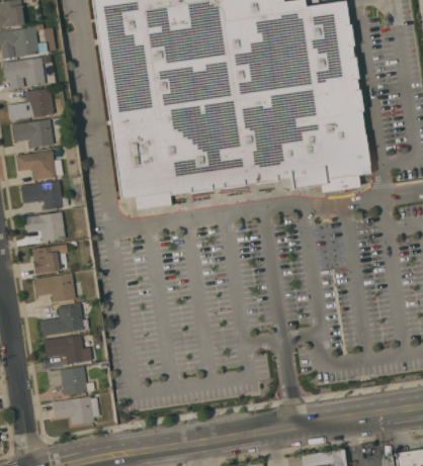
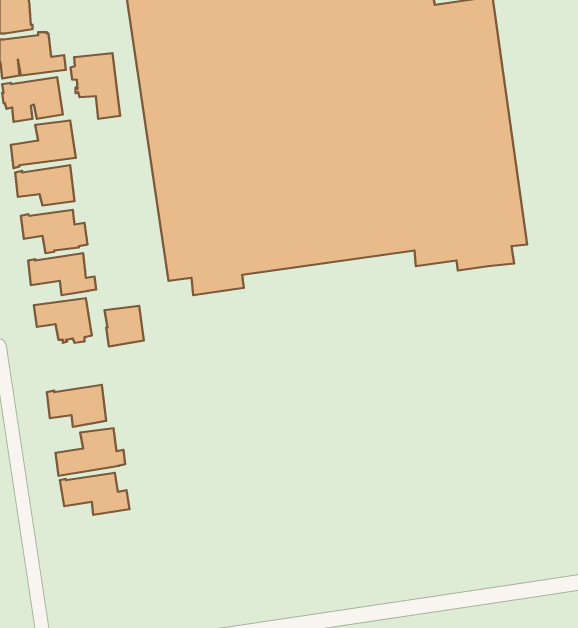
building: none -> [71,53,120,119]
building: [32,245,60,273] -> [105,306,144,346]
building: [48,365,95,394] -> none
building: [53,395,100,425] -> none

